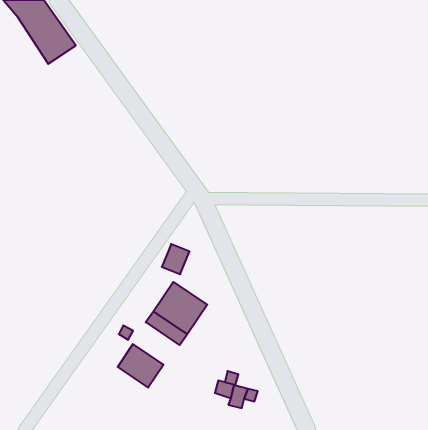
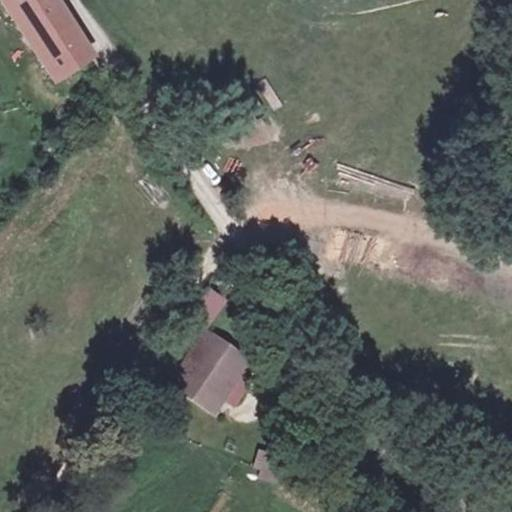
building: [118,344,163,388] -> none

